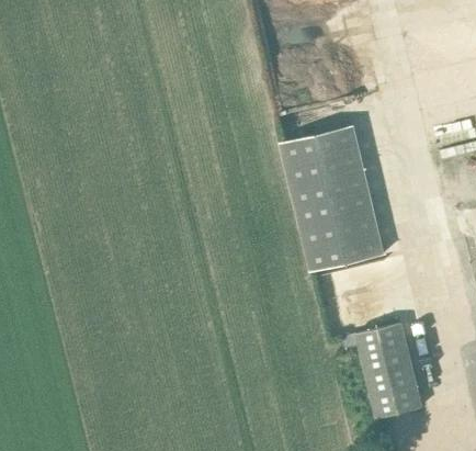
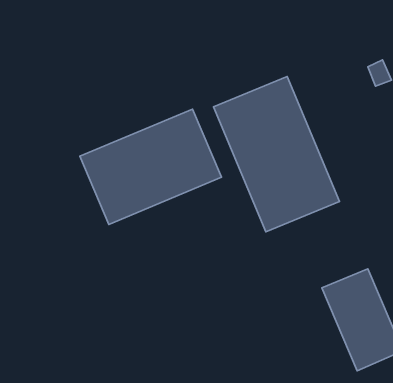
building: none -> [80,109,222,224]

